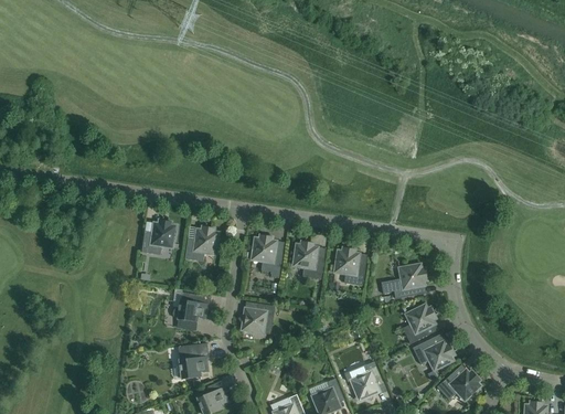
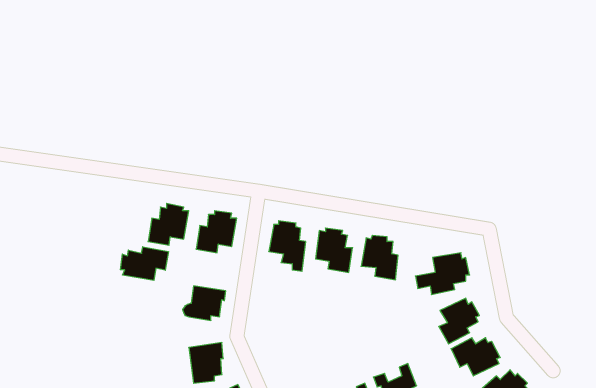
building: none -> [120,247,168,280]
building: [238,302,275,335] -> none

